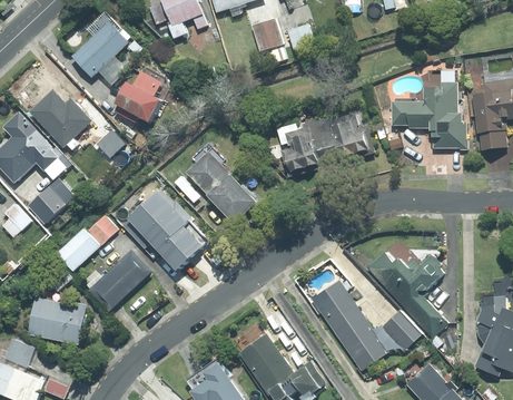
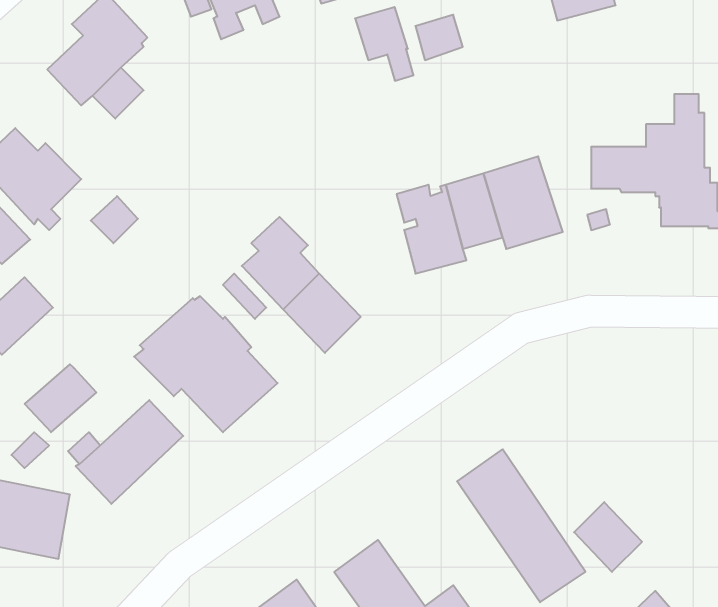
building: [114,68,169,121] -> none
building: [86,215,117,246] -> none
building: [366,241,448,339] -> none

